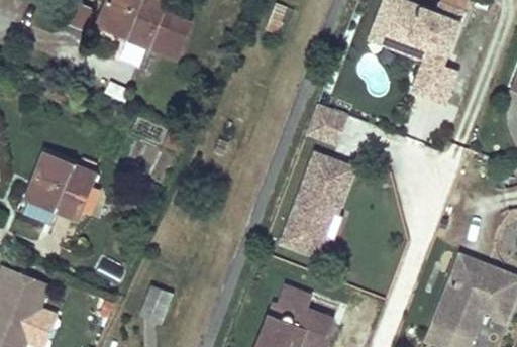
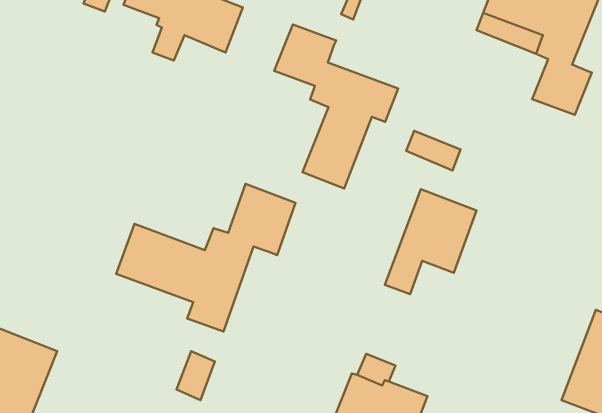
building: none -> [274,24,398,188]
building: [28,154,94,219] -> none
building: none -> [116,184,295,331]

